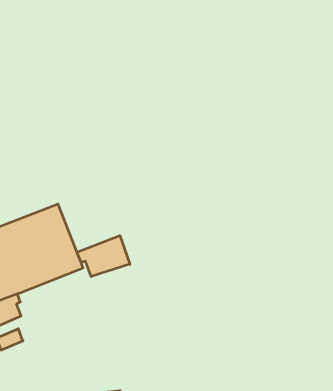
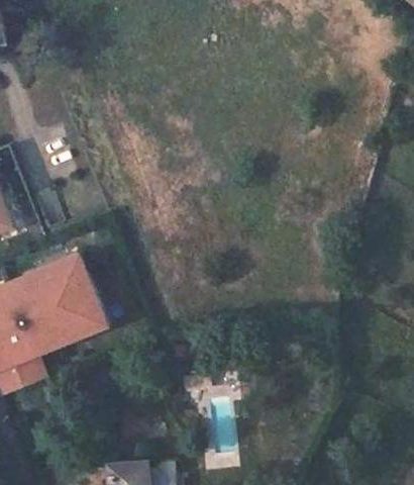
building: [77,236,130,277] -> none

